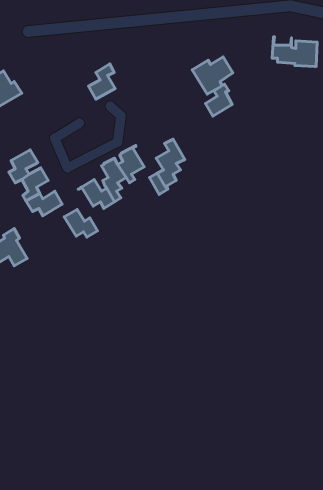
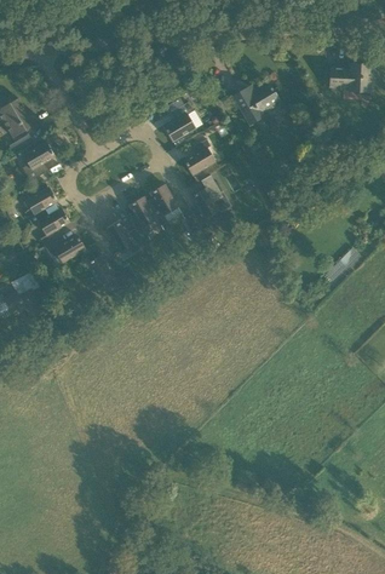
building: [88,64,115,99] -> [165,101,195,140]
building: [205,84,232,116] -> [184,138,214,174]
building: none -> [22,142,54,180]

